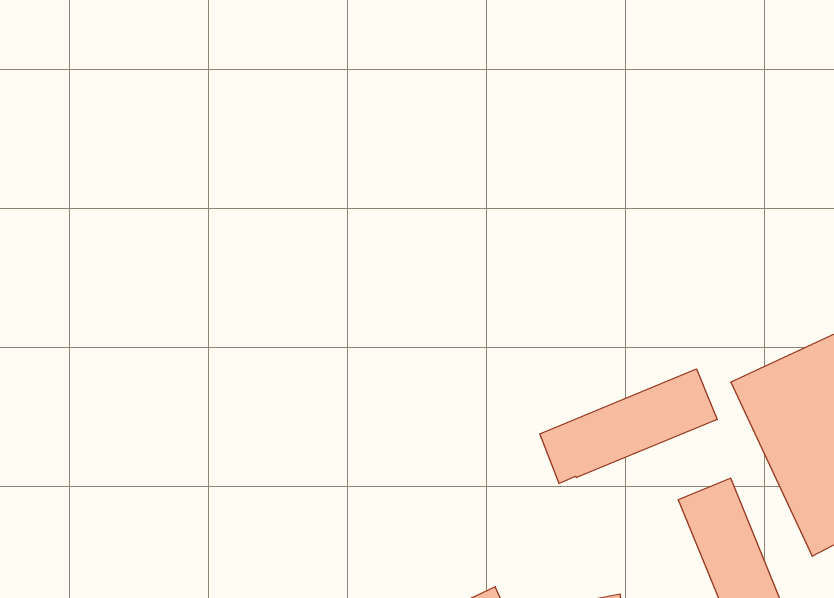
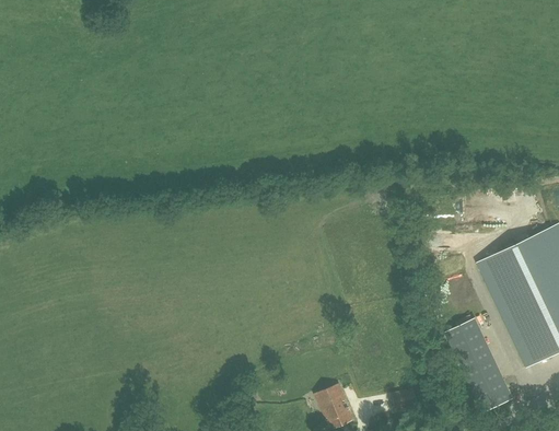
building: [540,369,717,484] -> none

